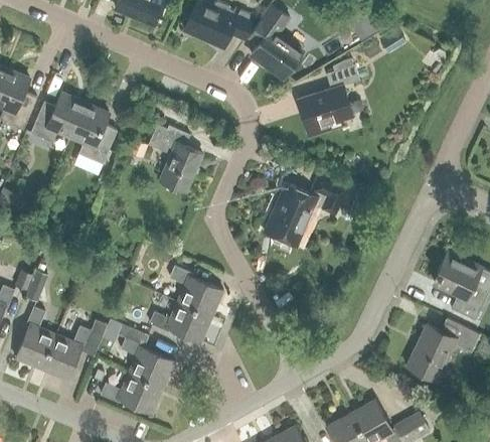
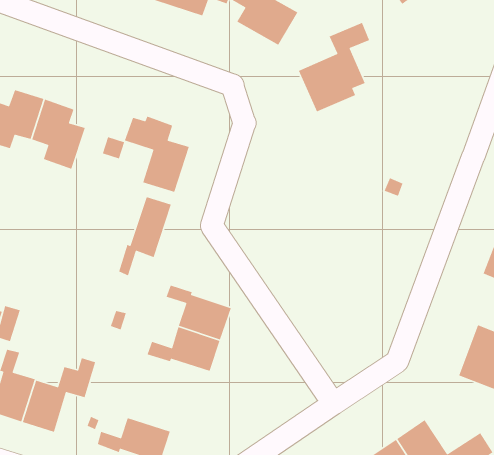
building: [263,176,346,246] -> none
building: none -> [118,196,172,276]
building: [117,324,174,389] -> none

